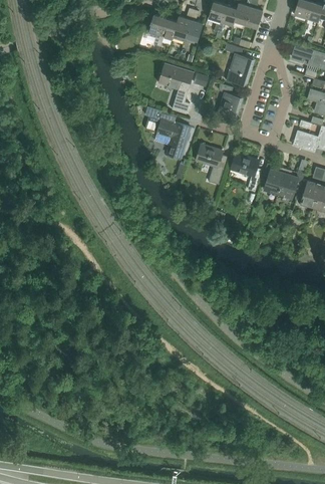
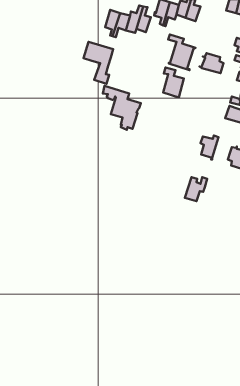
building: [158,63,195,114] -> [83,42,113,84]
building: none -> [200,53,224,73]
building: [197,145,226,185] -> none
building: [233,153,262,186] -> none
building: [277,169,304,198] -> [185,177,207,201]

